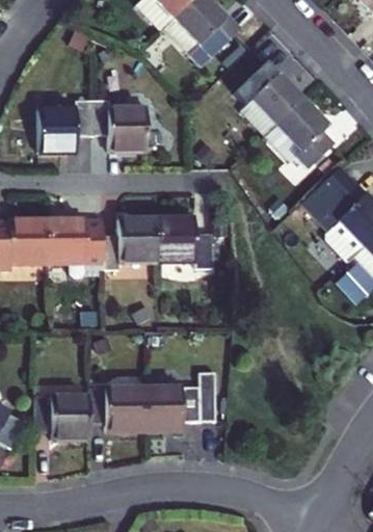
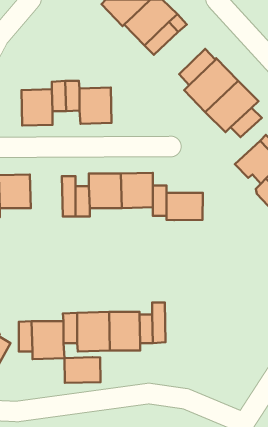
building: [48,215,88,273] -> none
building: none -> [166,193,203,220]
building: none -> [64,357,101,383]

